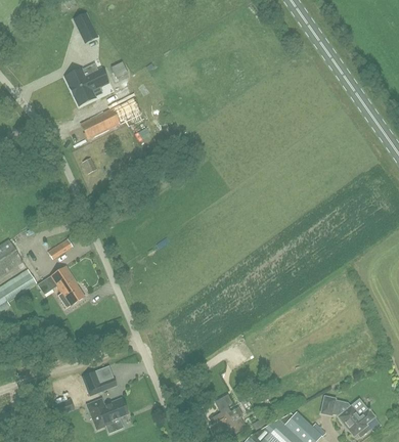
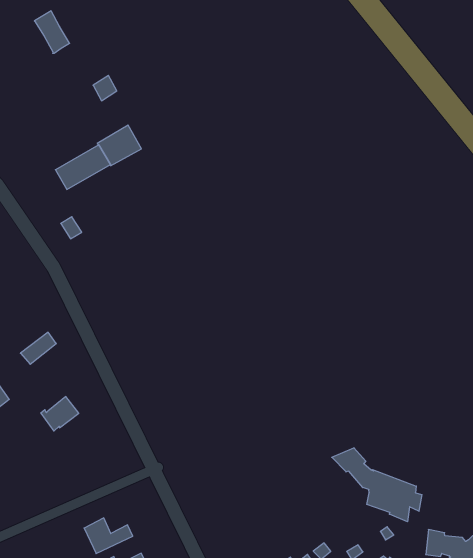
building: [65,67,107,103] -> none
building: [38,266,78,294] -> none
building: none -> [332,448,422,522]

